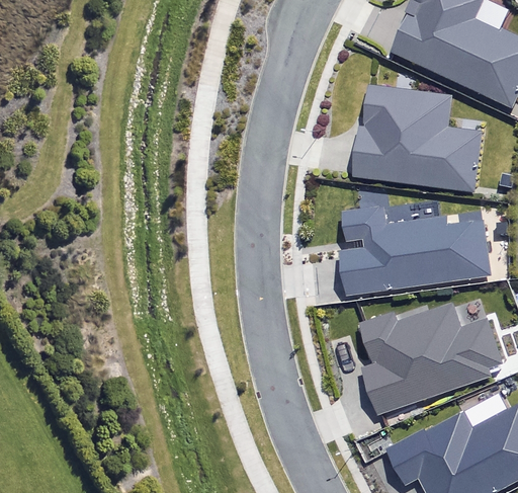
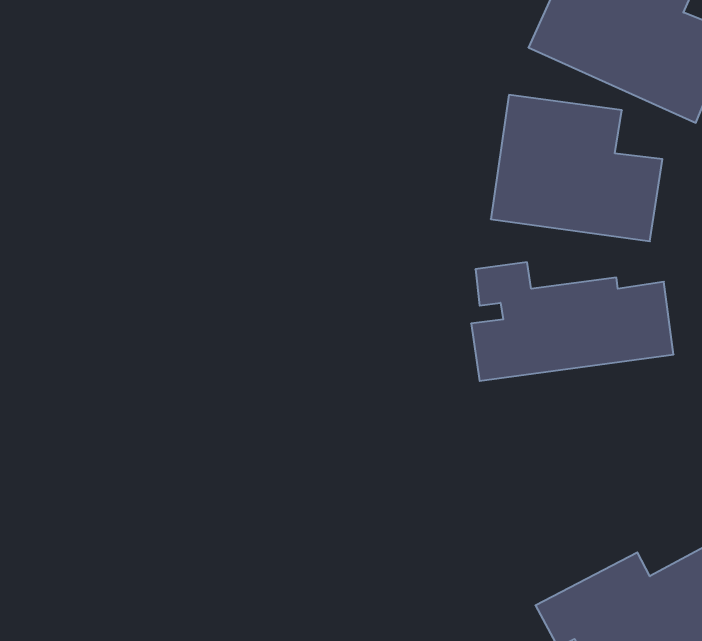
building: [361,309,501,415] -> none

